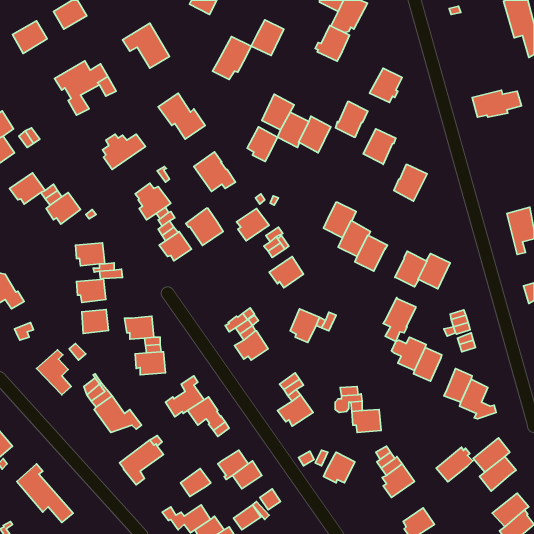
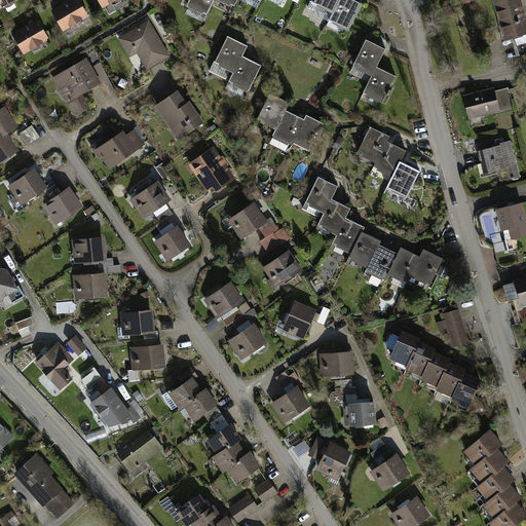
building: [251,20,284,55] -> [228,57,260,91]
building: [315,26,350,61] -> [350,40,384,75]
building: [335,102,368,137] -> [373,142,405,177]
building: [247,127,277,161] -> none
building: none -> [477,142,519,180]
building: none -> [305,178,337,212]
building: [186,208,223,246] -> none
building: none -> [209,285,240,316]
building: [383,297,416,341] -> [365,245,397,288]
building: [82,309,108,333] -> none
building: none -> [322,352,350,376]
building: none -> [421,352,449,385]
building: [436,447,473,482] -> [477,466,513,500]
building: [180,468,211,497] -> [209,425,238,453]

